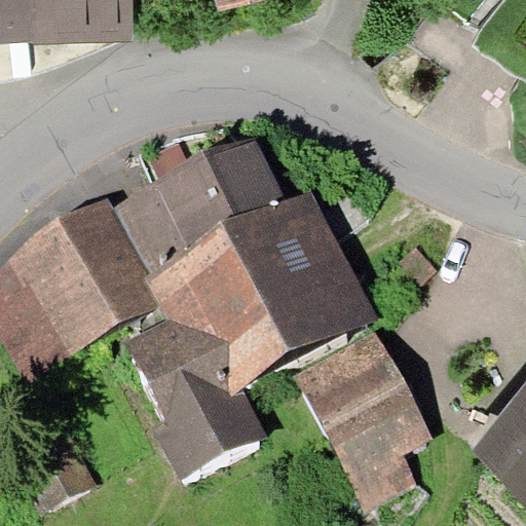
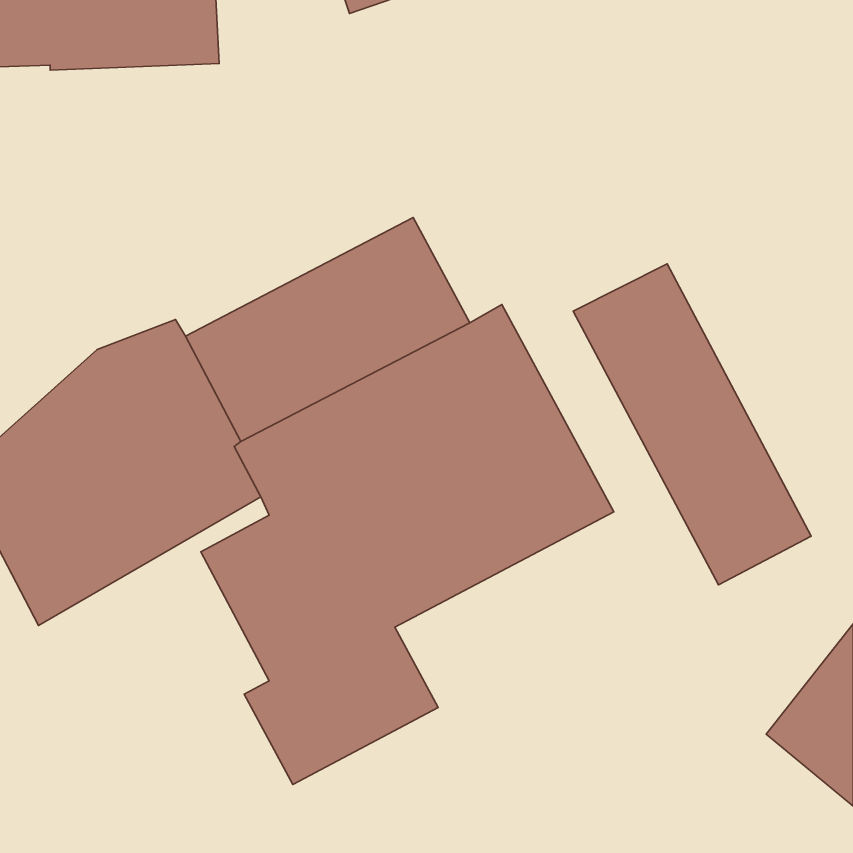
building: none -> [573,264,811,585]
building: [296,332,433,510] -> none

